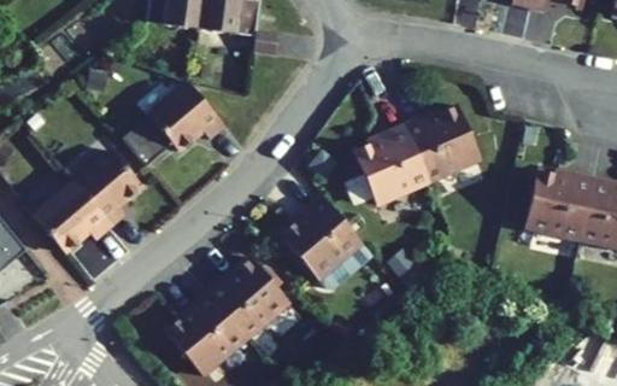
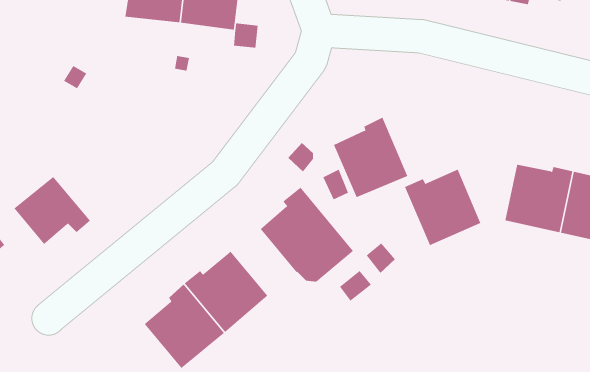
building: [123,81,225,164] -> none
building: [404,104,481,181] -> [404,169,481,246]
building: [75,148,142,226] -> none

